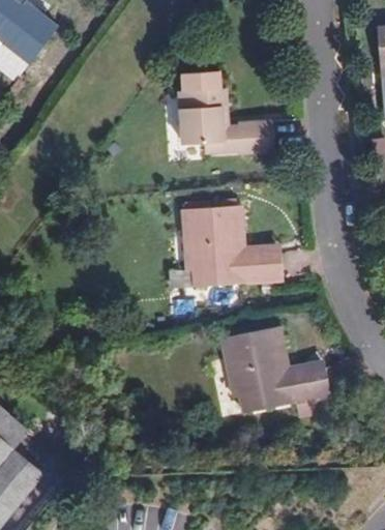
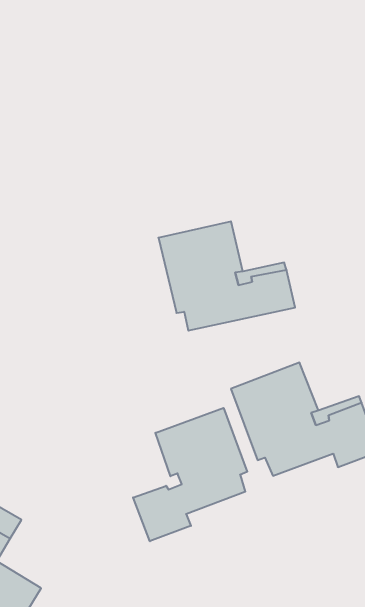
building: [179,70,274,153] -> none
building: none -> [133,408,247,541]

